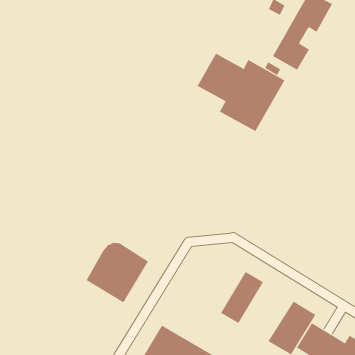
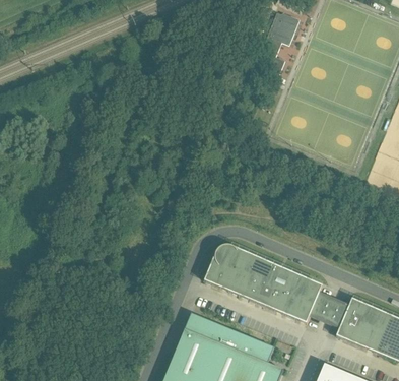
building: [197,53,285,132] -> none
building: [86,242,149,303] -> [205,245,257,296]
building: none -> [258,264,302,314]

